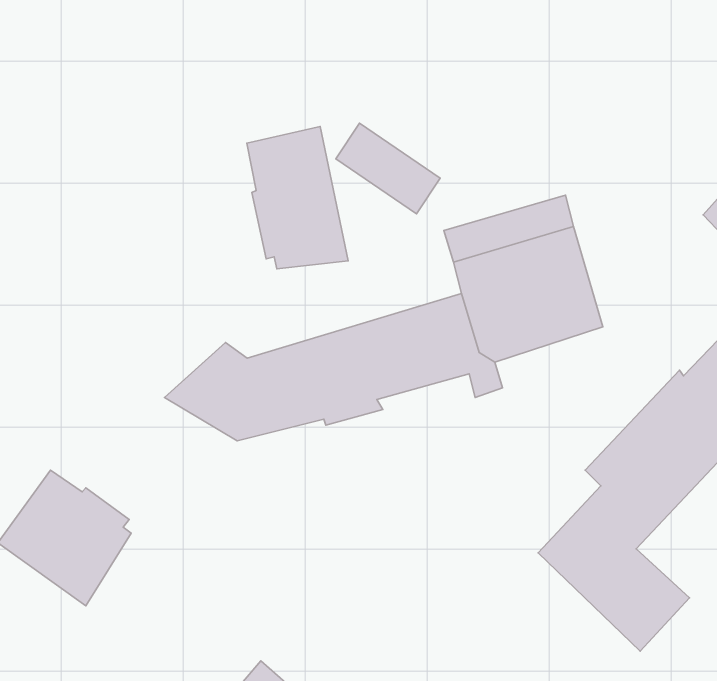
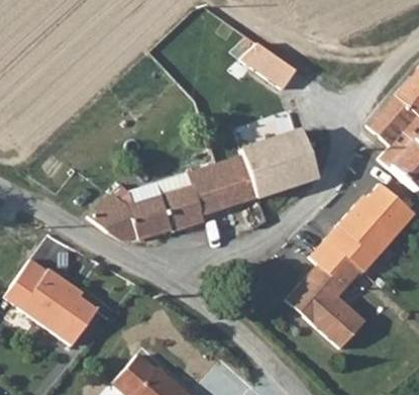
building: [336,123,440,214] -> [249,42,303,89]
building: [247,126,348,269] -> none
building: none -> [51,289,99,342]

